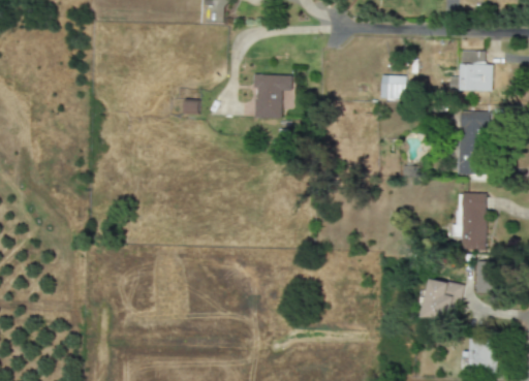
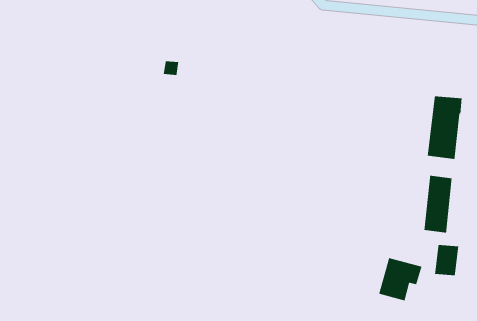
building: [450,51,487,91] -> none
building: [253,74,290,118] -> none
building: [380,74,406,98] -> none

